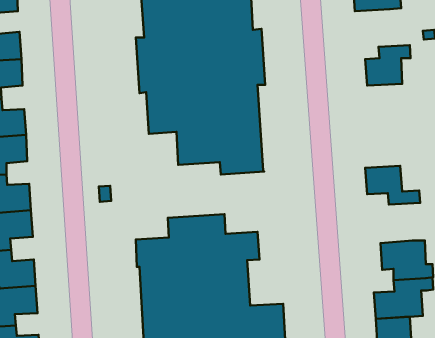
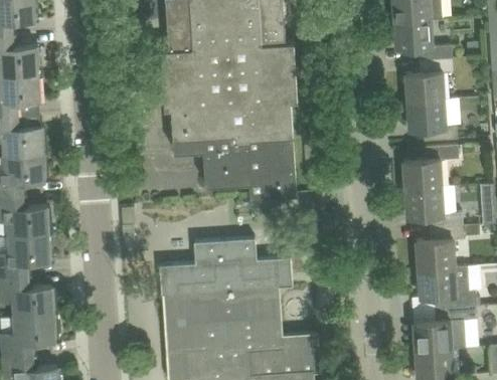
building: none -> [393,20,452,60]
building: none -> [406,100,457,141]
building: none -> [402,146,459,189]
building: none -> [419,226,464,269]

